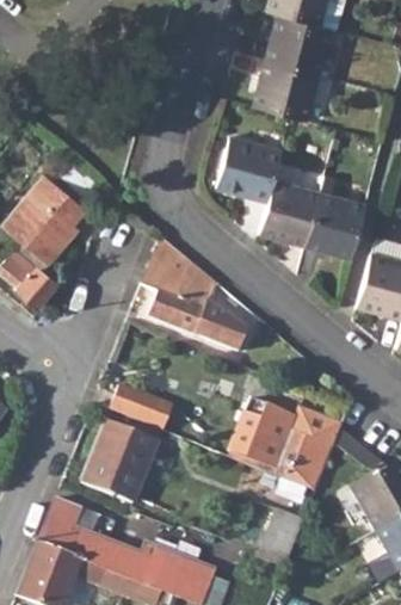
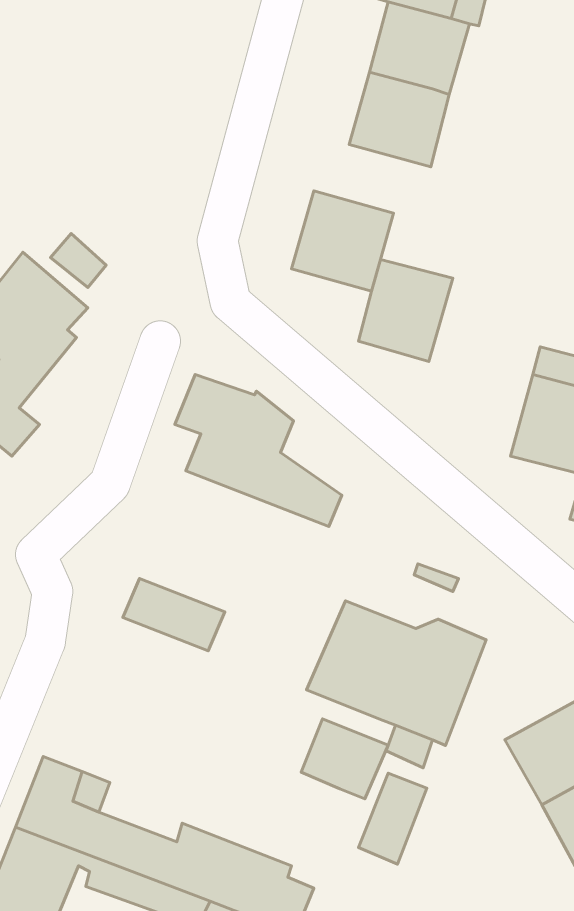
building: [304,190,365,255] -> none
building: [81,419,158,501] -> none
building: none -> [301,719,388,799]

